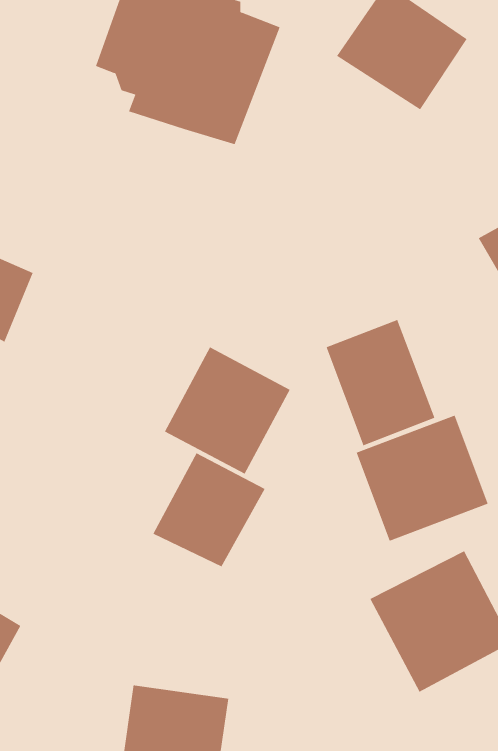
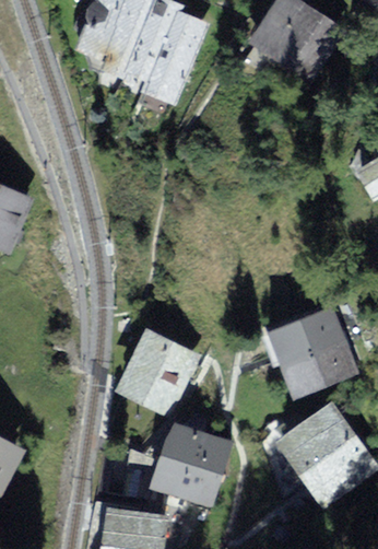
building: [326,319,435,446] -> none
building: [164,347,291,475] -> none
building: none -> [152,422,235,507]

